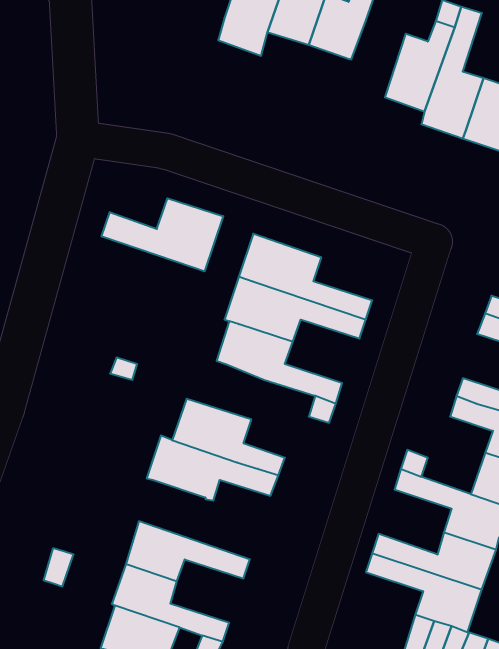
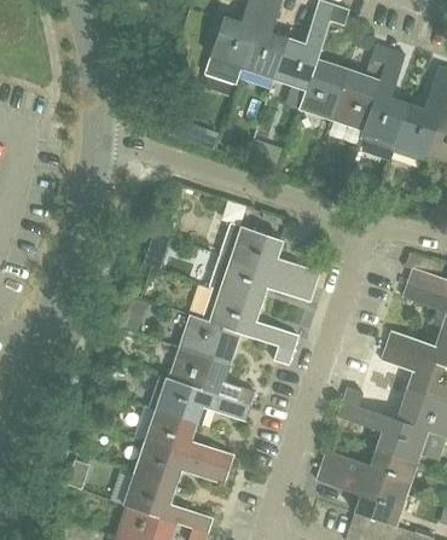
building: none -> [298,59,347,117]
building: [102,198,223,271] -> none
building: none -> [180,314,239,362]
building: none -> [144,408,233,469]

